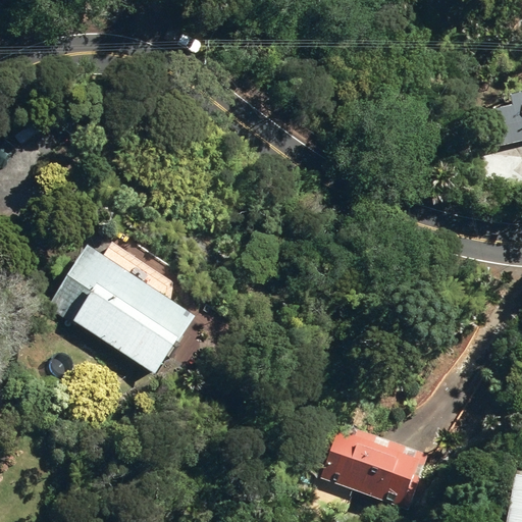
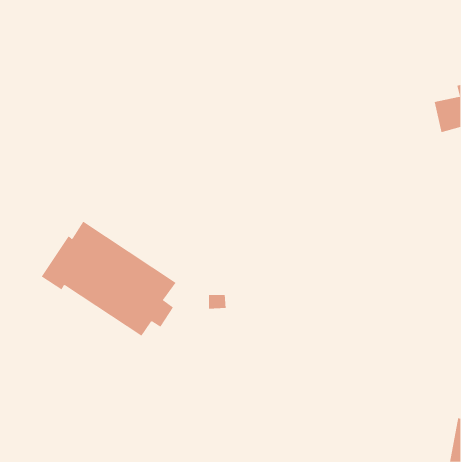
building: [319,419,435,505] -> none

